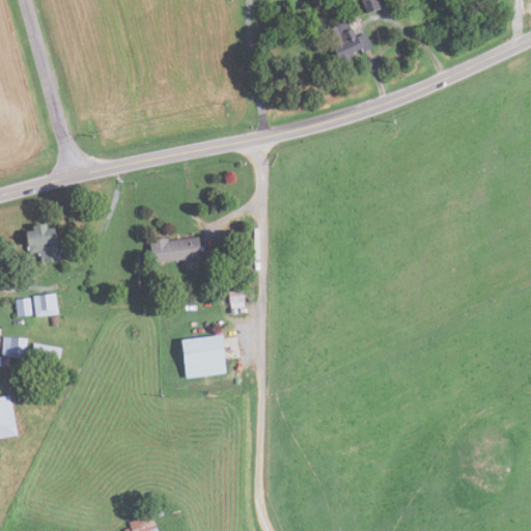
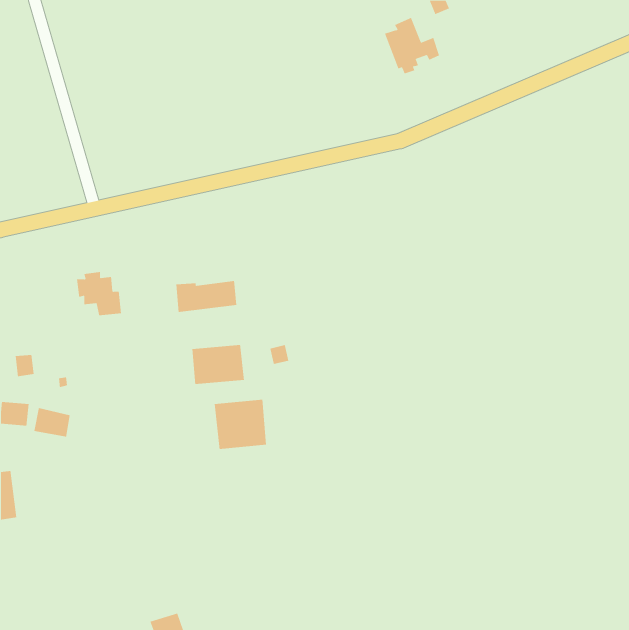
building: [23,224,61,261] -> [76,272,122,316]
building: none -> [192,344,245,385]
building: [33,292,57,315] -> none

